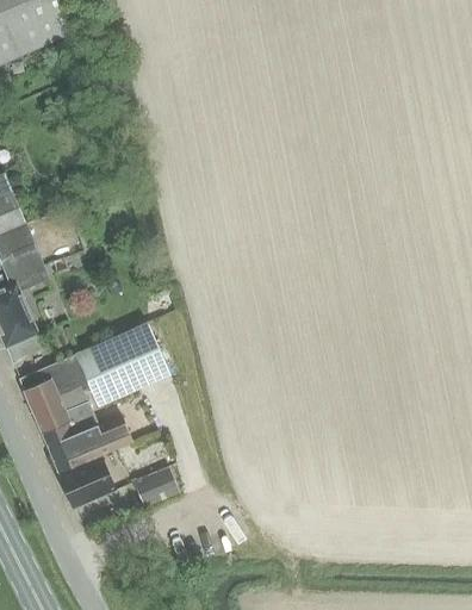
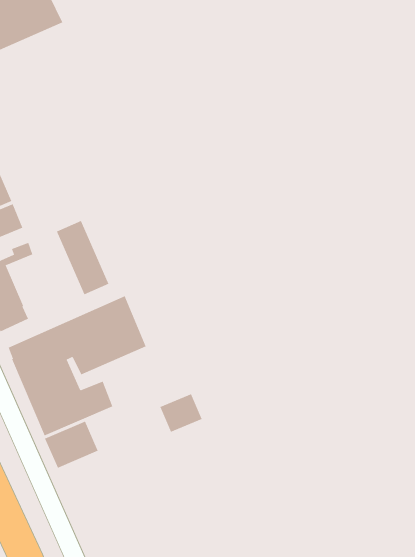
building: none -> [56,220,109,295]
building: [133,465,180,506] -> [159,394,203,432]

